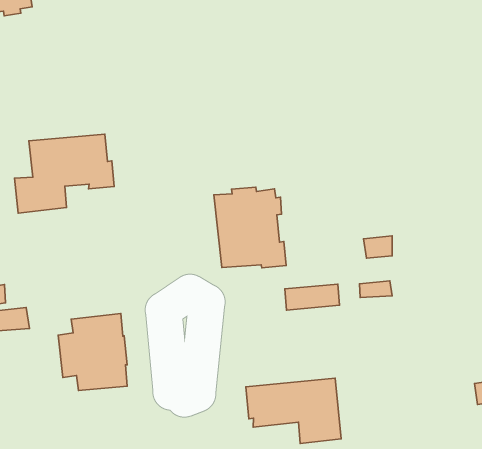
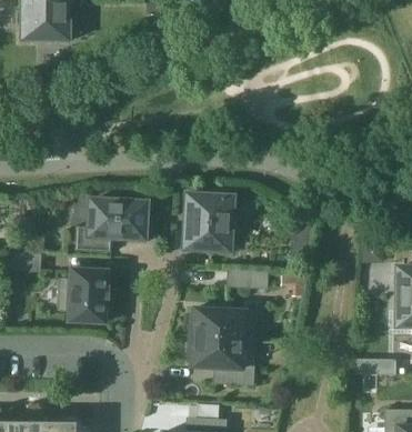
building: [15,134,114,213] -> [76,200,149,252]
building: none -> [190,308,257,340]

